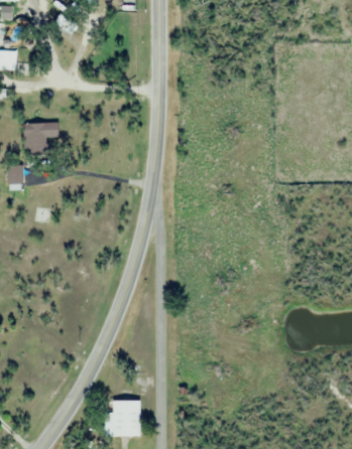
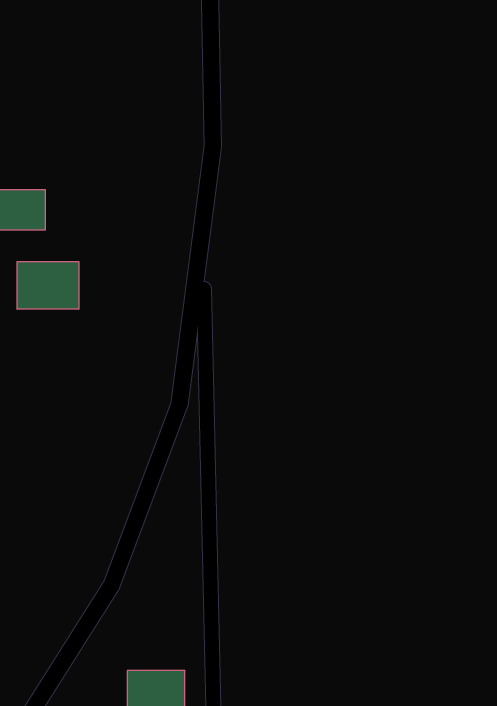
building: none -> [17,262,79,309]

